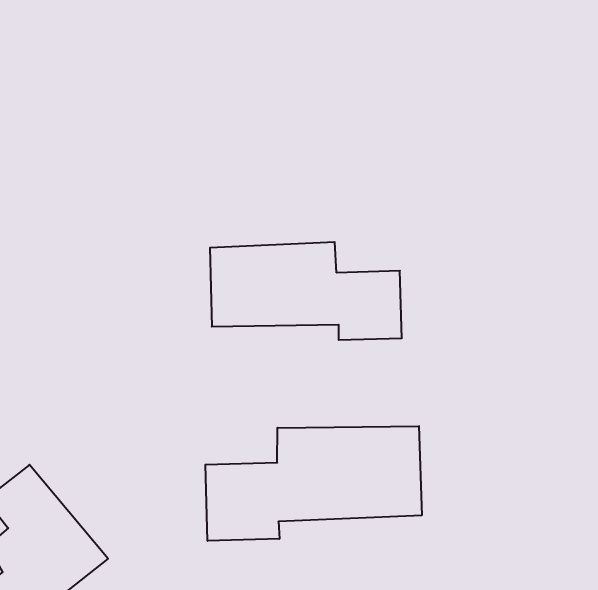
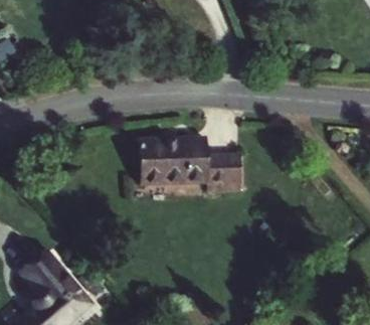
building: [205,426,422,541] -> none

